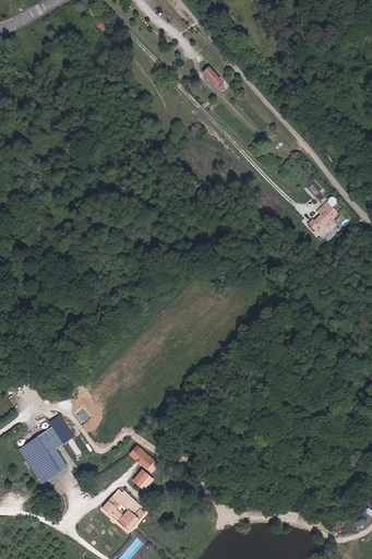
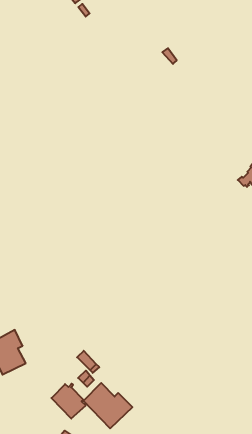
building: none -> [83,383,132,428]

